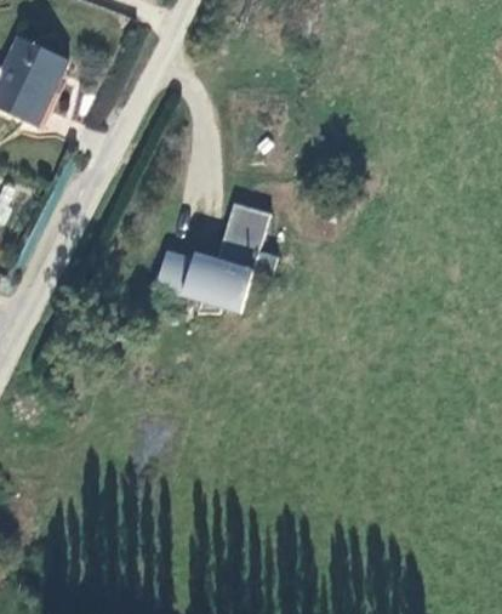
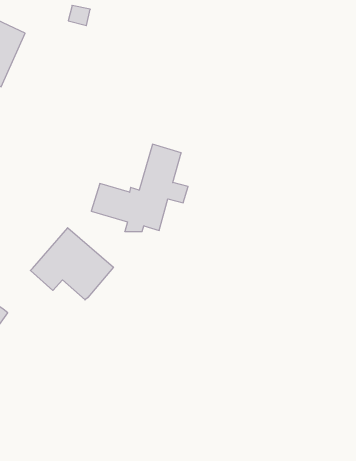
building: none -> [30,228,113,300]

